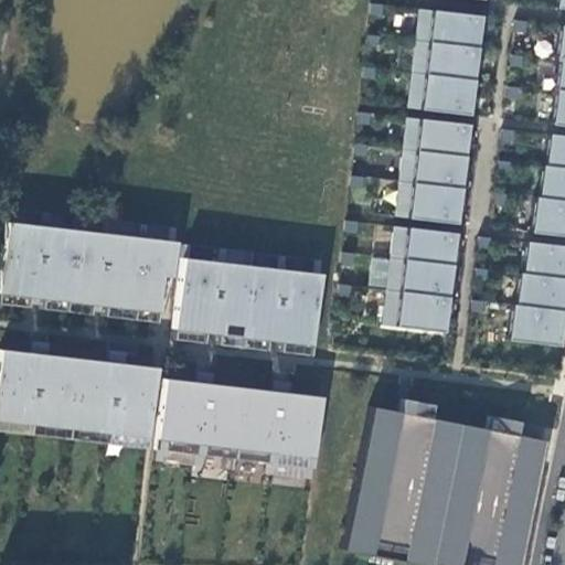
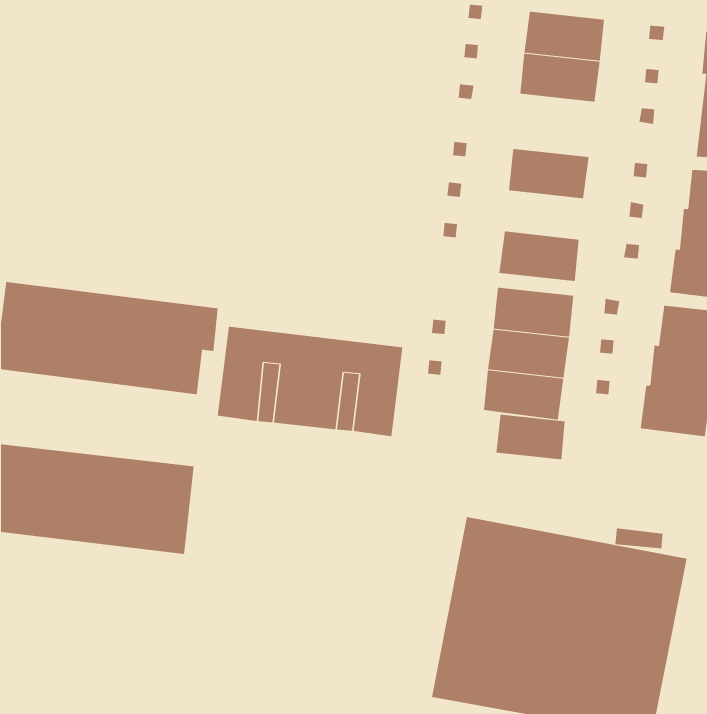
building: [413,75,476,115] -> none
building: [404,151,467,190] -> none
building: none -> [496,414,565,460]
building: [162,380,324,469] -> none

